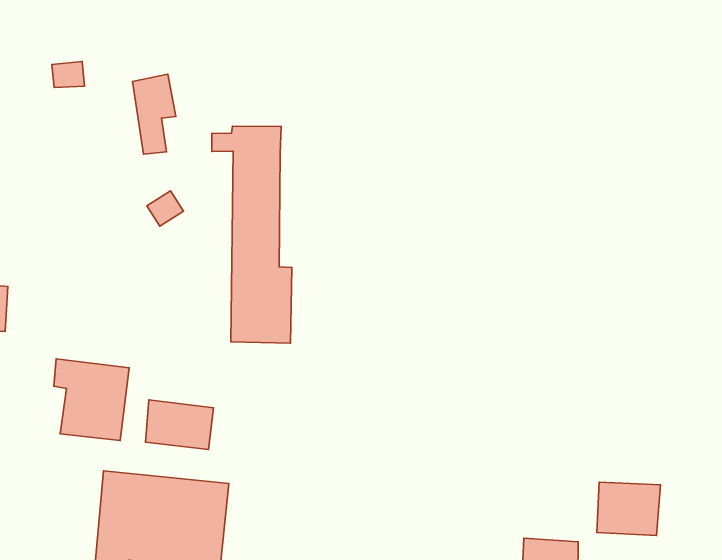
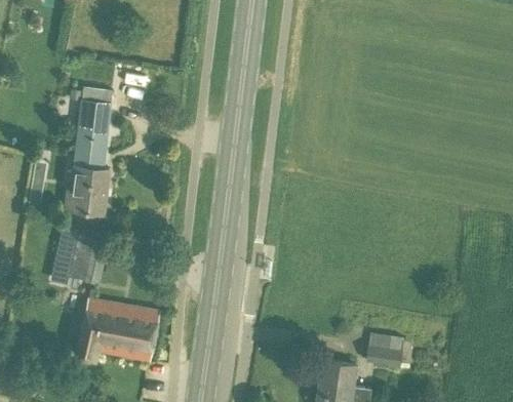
building: [212,126,292,343] -> [70,86,111,213]
building: [145,400,214,450] -> none

